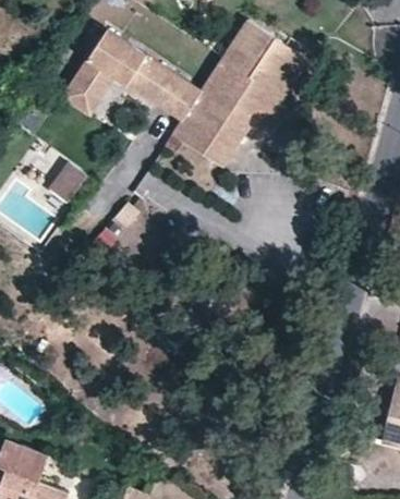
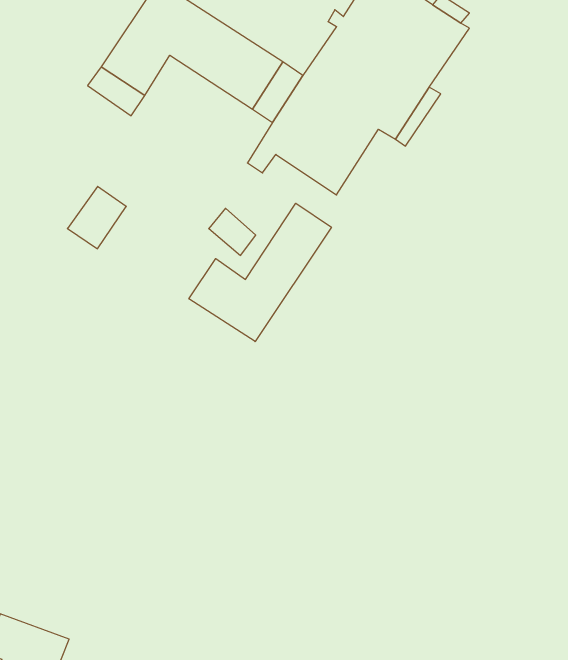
building: none -> [189,203,331,342]

